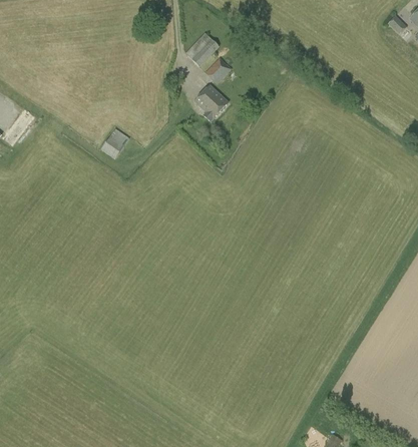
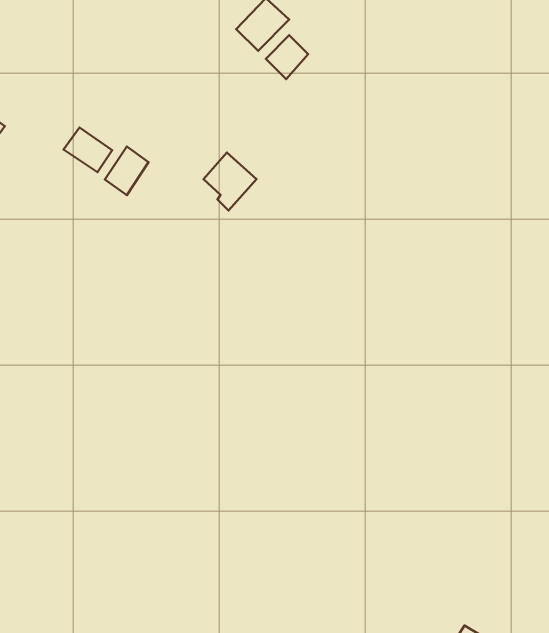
building: [194,84,229,121] -> [203,153,257,210]
building: none -> [63,127,112,172]

